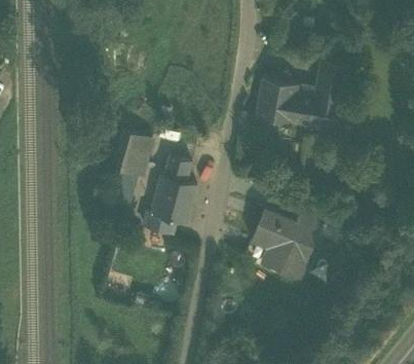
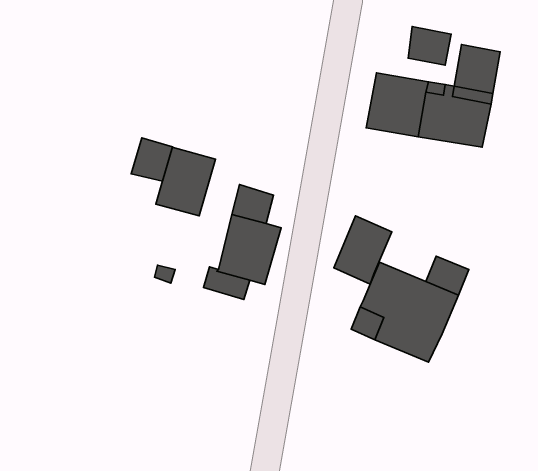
building: none -> [408,27,451,65]
building: none -> [131,138,172,181]
building: none -> [334,216,392,284]

